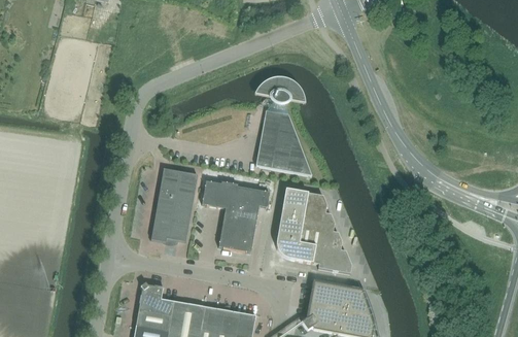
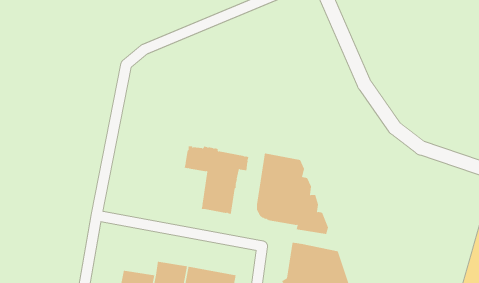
building: [256,81,312,176] -> none
building: [151,168,198,241] -> none
building: [139,282,174,315] -> none

